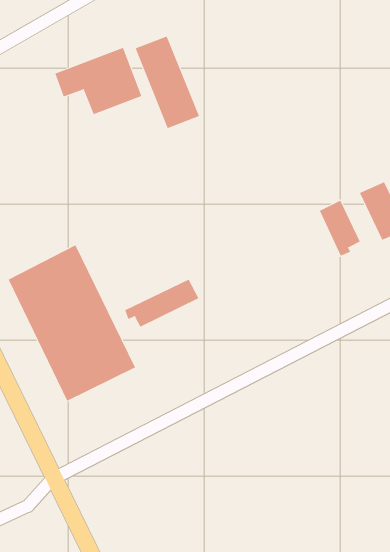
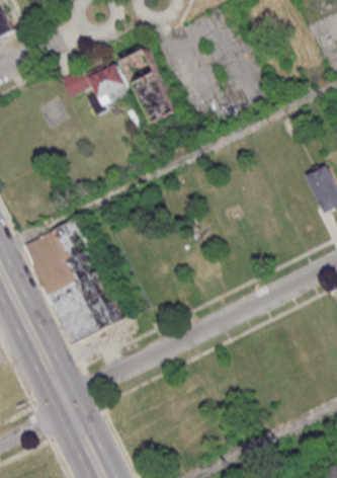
building: [319,200,361,256] -> none
building: [125,279,199,328] -> none

